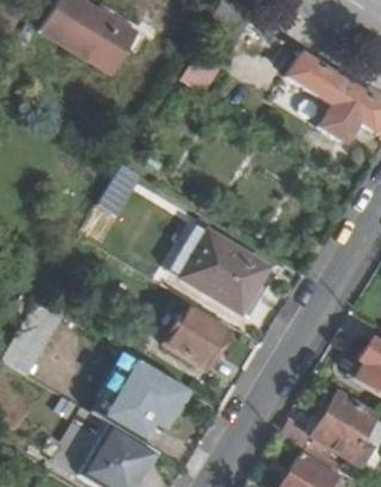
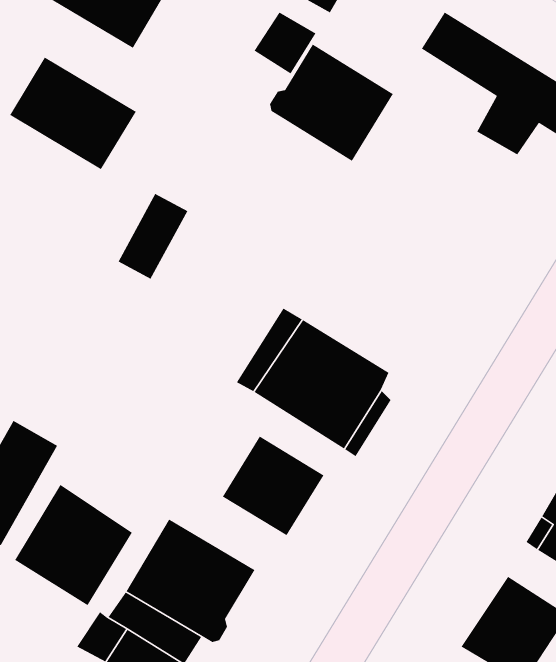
building: none -> [269,43,394,162]
building: none -> [9,57,137,170]
building: none -> [14,484,133,606]

